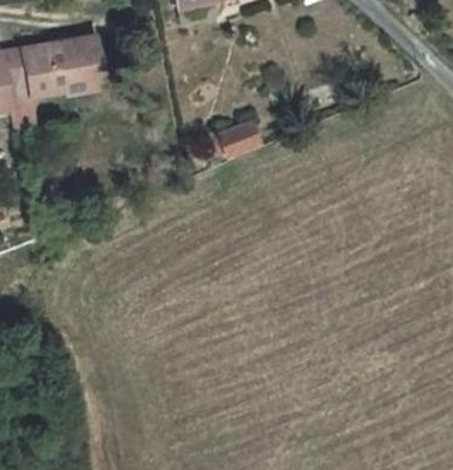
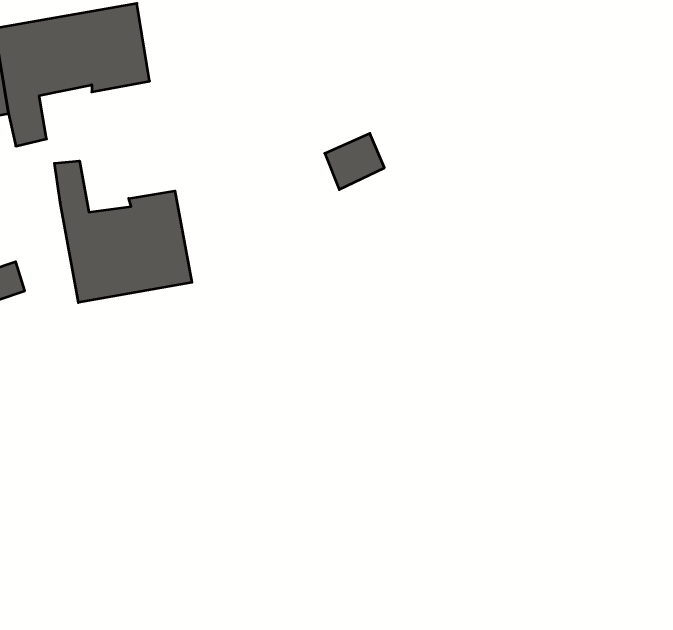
building: none -> [54,161,192,303]

